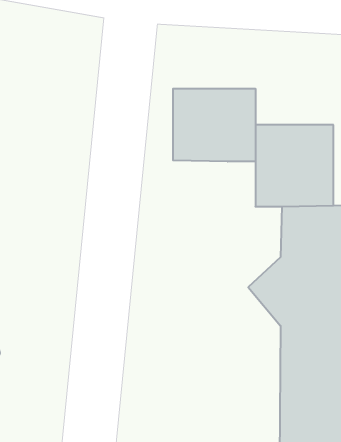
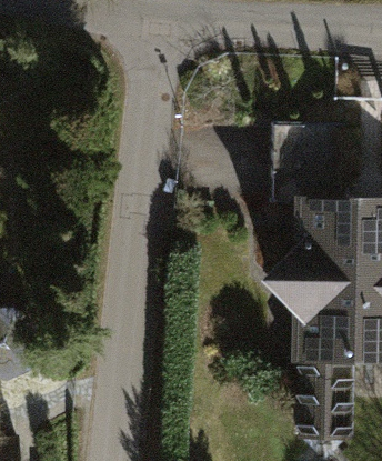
building: [173,89,255,162] -> none

